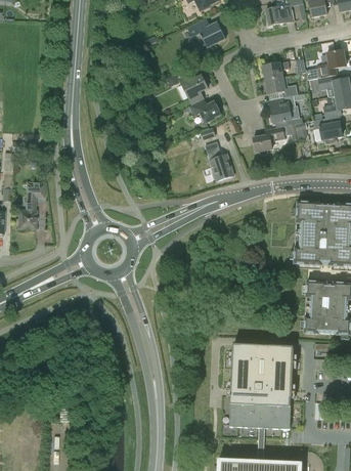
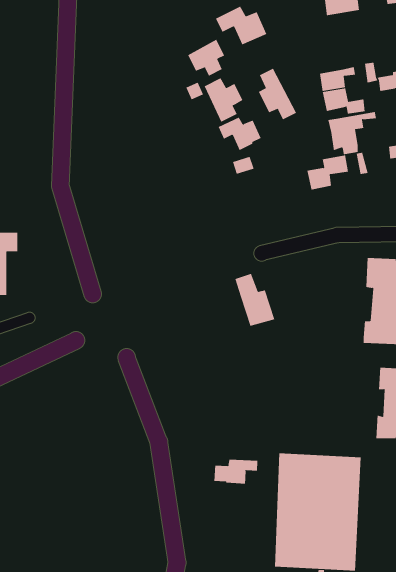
building: none -> [187,39,225,77]
building: none -> [258,68,297,120]
building: [205,141,234,180] -> [235,273,275,327]
building: none -> [214,459,258,485]

